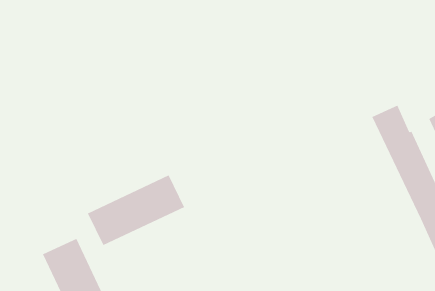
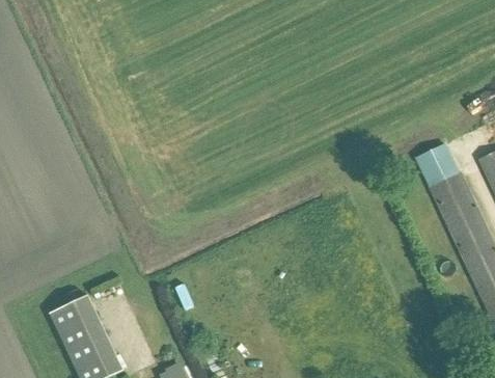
building: [87,174,185,246] -> none

